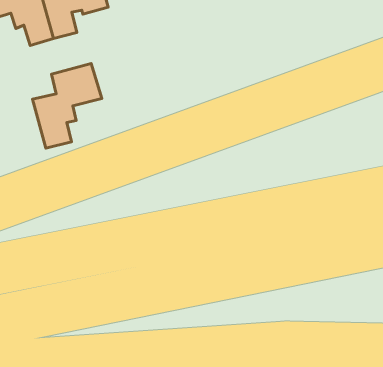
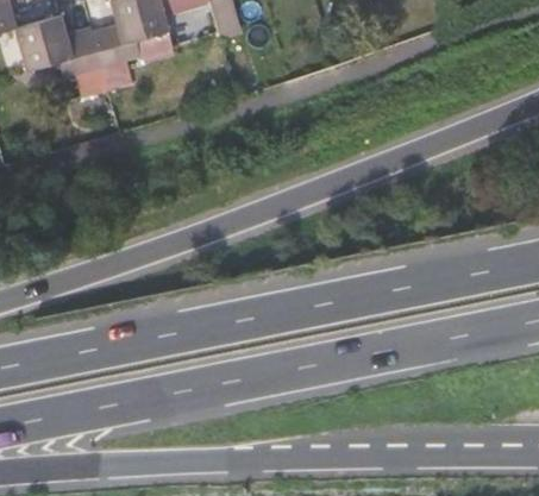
building: [33,64,102,148] -> none

